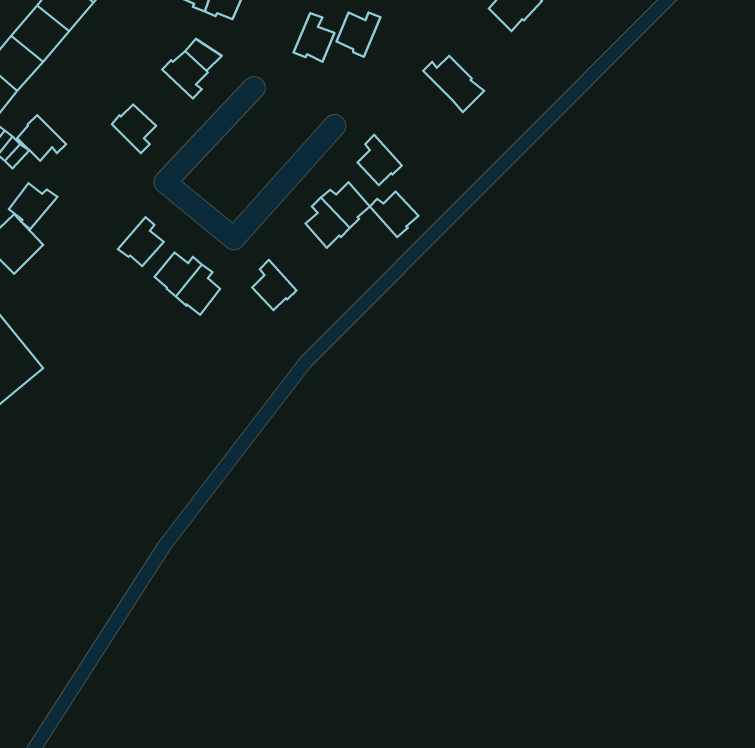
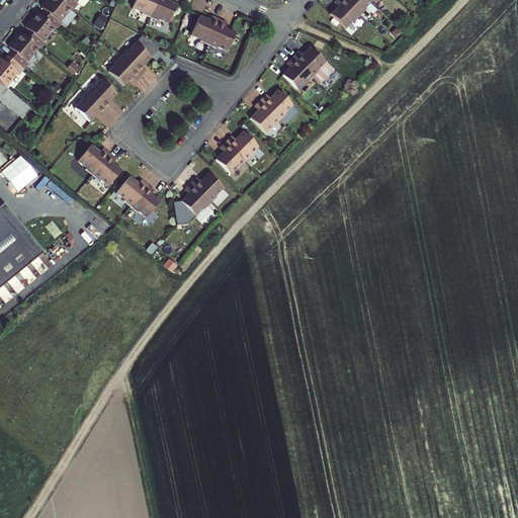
building: [336,13,381,57] -> [189,14,219,44]
building: none -> [107,55,141,85]
building: none -> [282,56,313,88]
building: [17,115,66,161] -> [74,91,106,121]
building: [9,183,58,229] -> [77,144,109,174]
building: [370,191,419,237] -> [261,88,293,118]
building: none -> [191,171,224,201]

